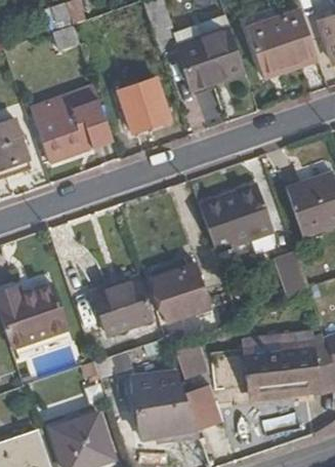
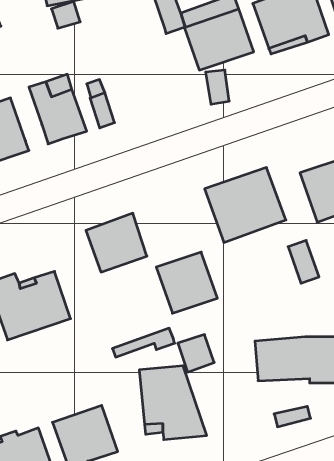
building: [118,77,169,130] -> none
building: [92,277,151,334] -> [86,213,147,272]
building: [186,384,222,428] -> none

